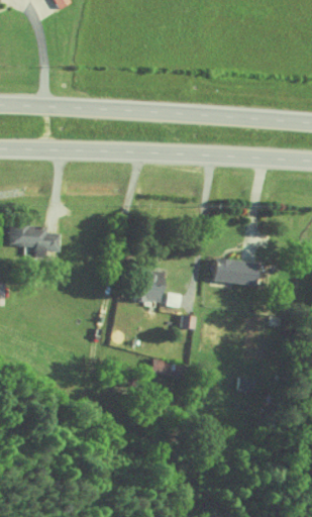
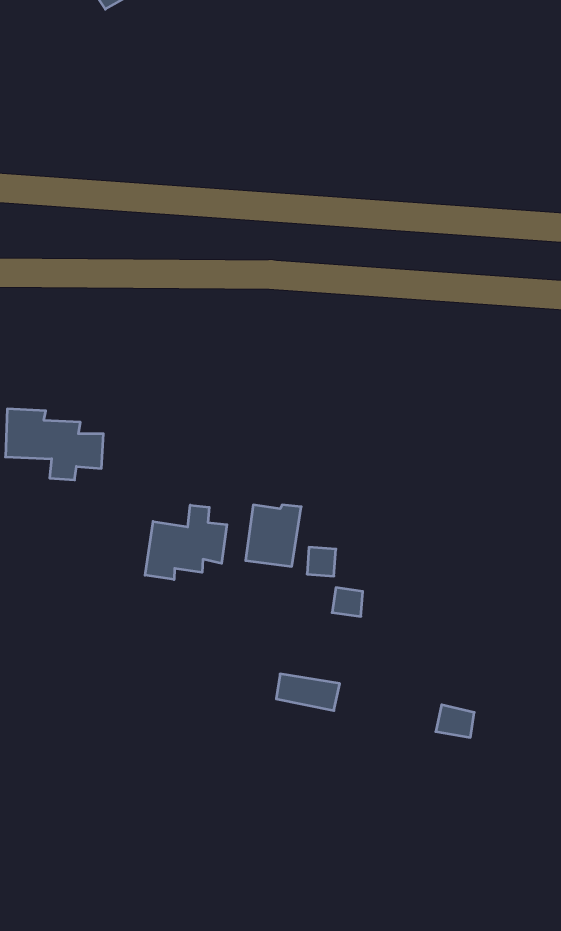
building: [211,258,255,283] -> none
building: none -> [145,505,227,580]

